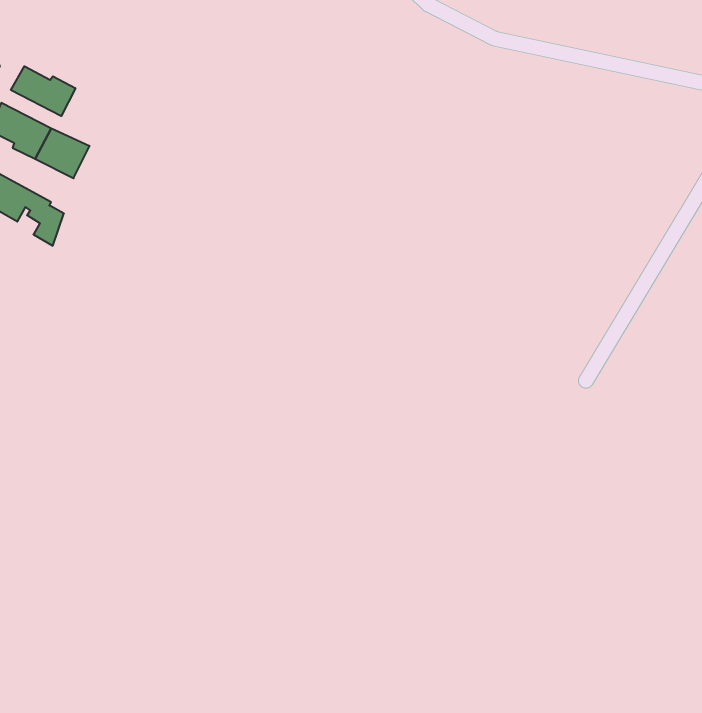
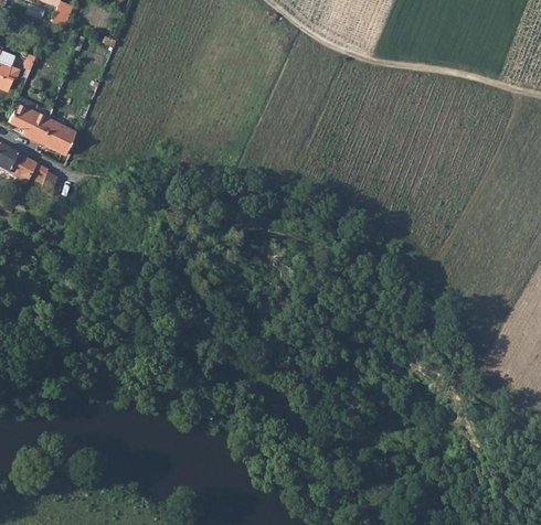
building: [11,66,75,116] -> none

